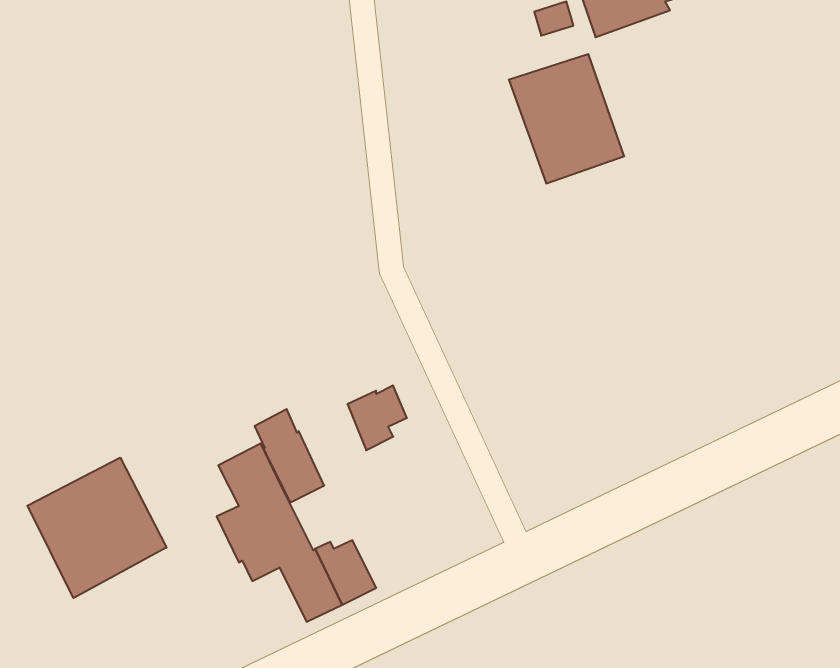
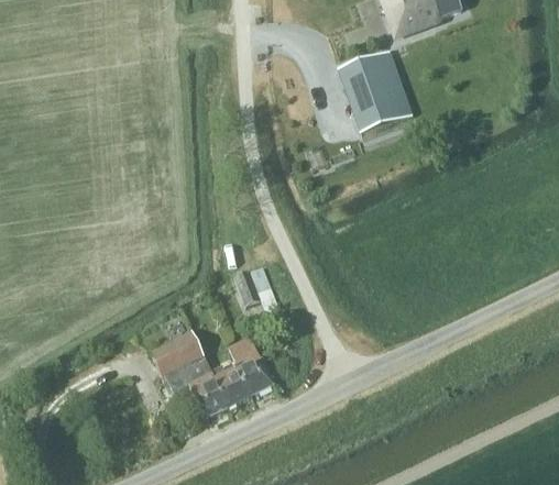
building: [255,409,324,502] -> [229,335,274,396]
building: [27,458,167,598] -> none

